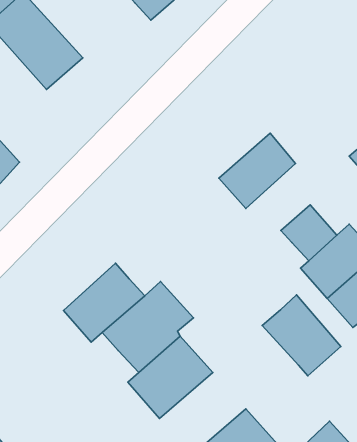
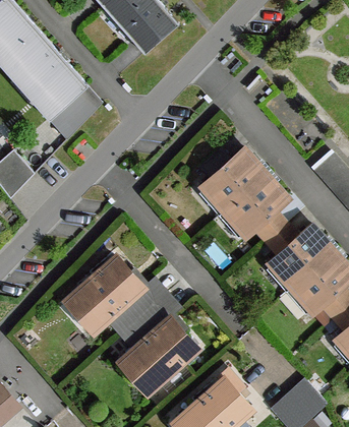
building: none -> [47,86,102,140]
building: none -> [222,175,286,237]
building: [262,295,341,376] -> none

